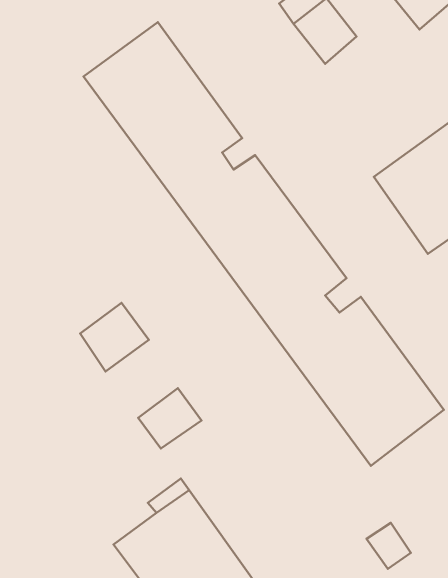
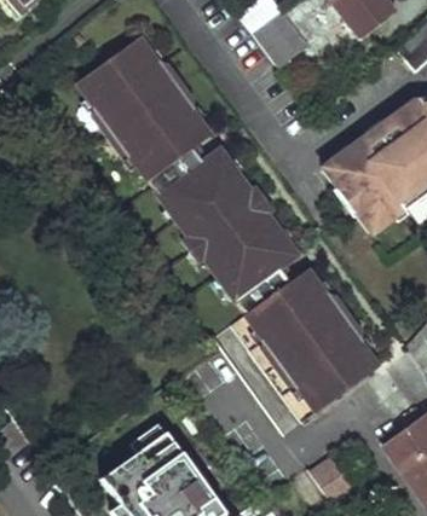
building: [80,303,149,371] -> none
building: [138,388,201,448] -> none

